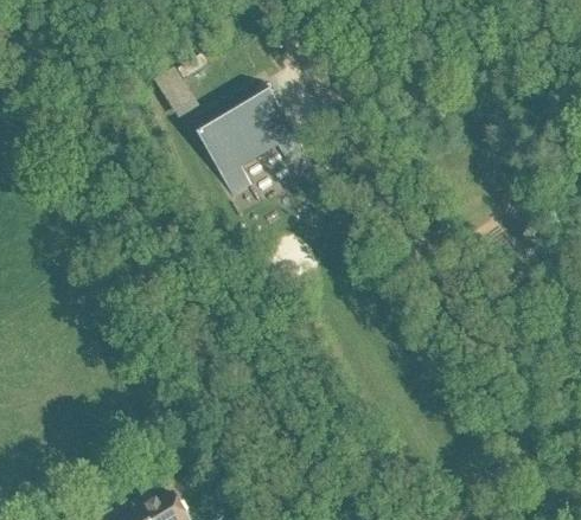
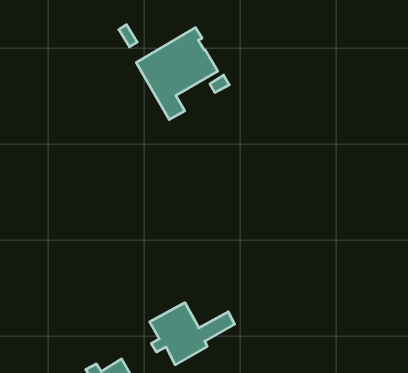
building: none -> [150,303,235,365]

